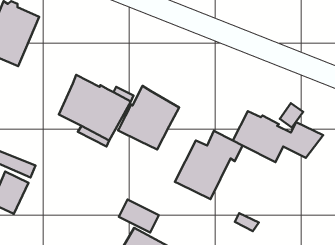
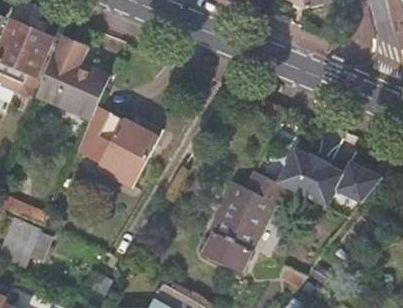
building: none -> [35,34,110,116]
building: [118,86,179,150] -> none
building: [119,200,159,232] -> [204,232,250,270]

